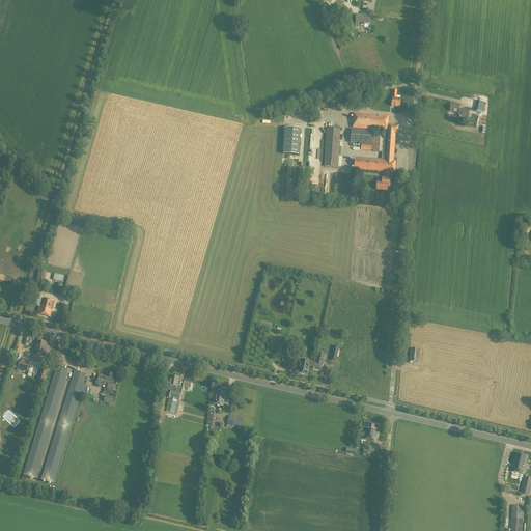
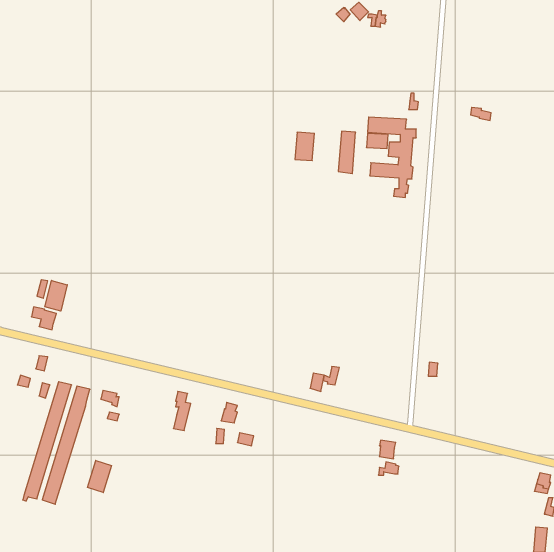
building: none -> [45,280,67,311]
building: none -> [88,460,112,493]

